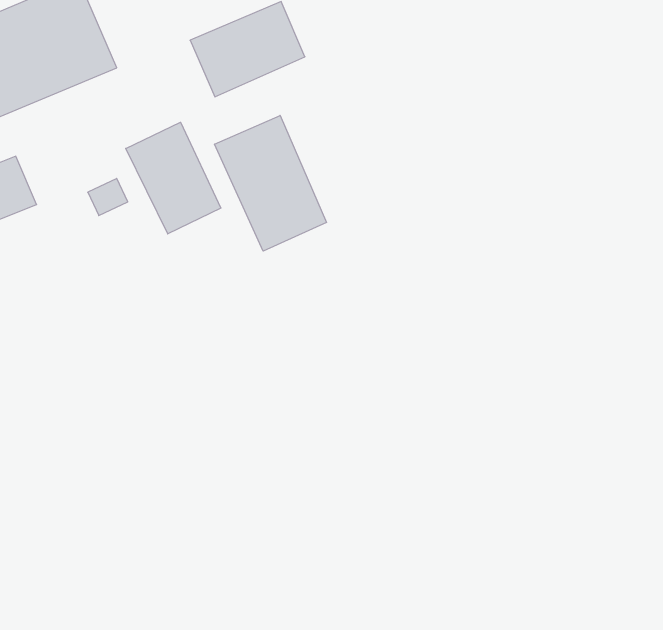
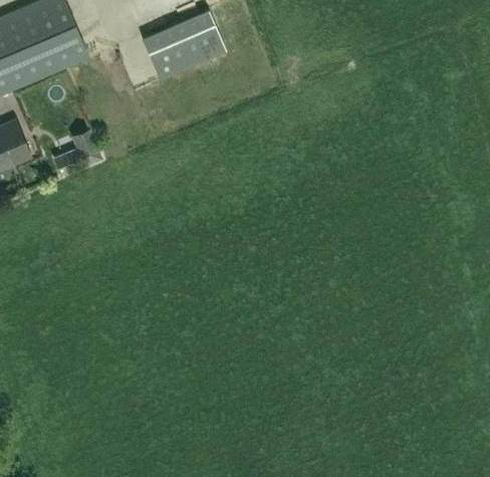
building: [215,115,326,251] -> none
building: [126,122,221,234] -> none

